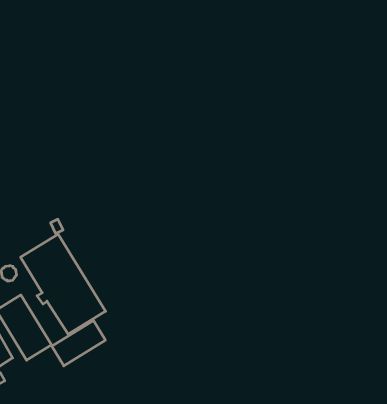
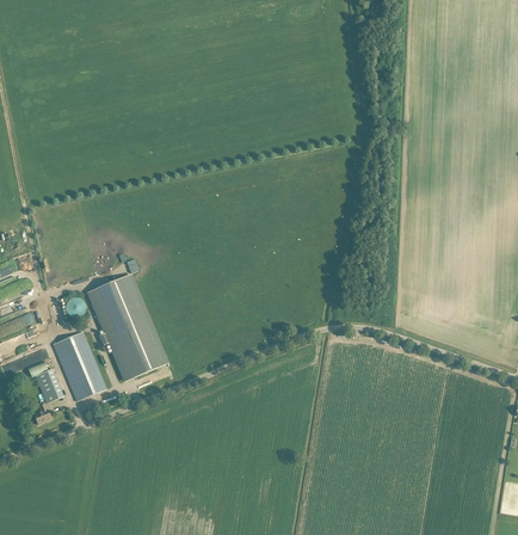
building: [52,320,105,366] -> none

